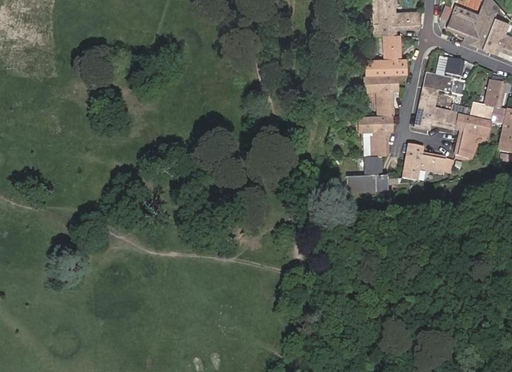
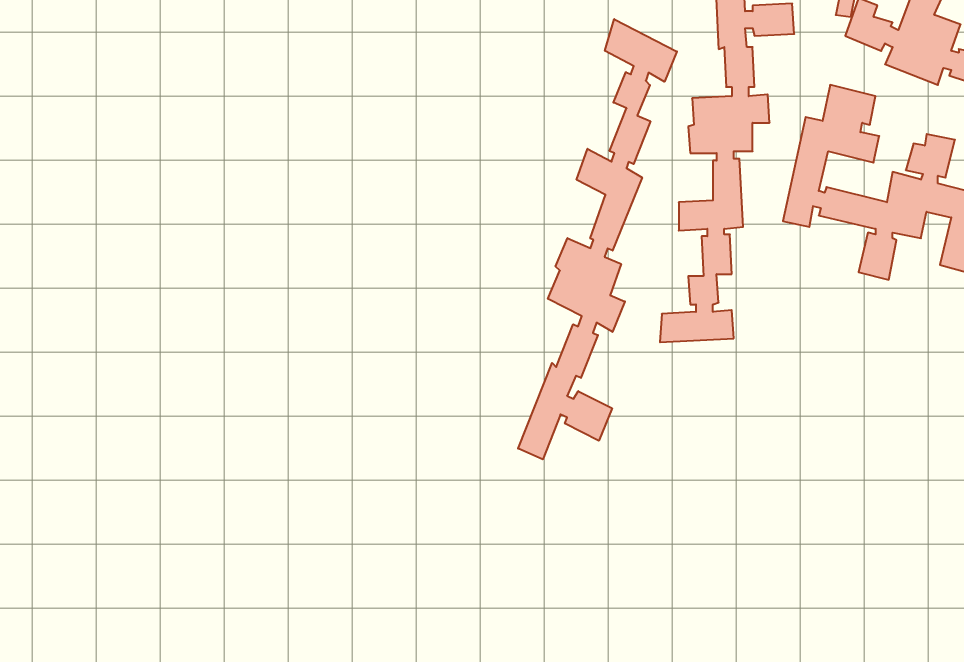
building: none -> [518,19,677,459]
building: [403,144,446,180] -> none

